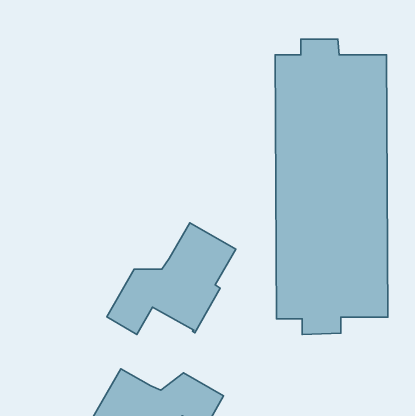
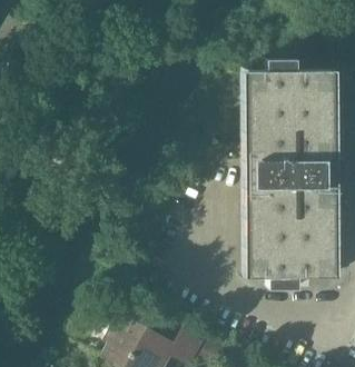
building: [107,223,236,334] -> none

